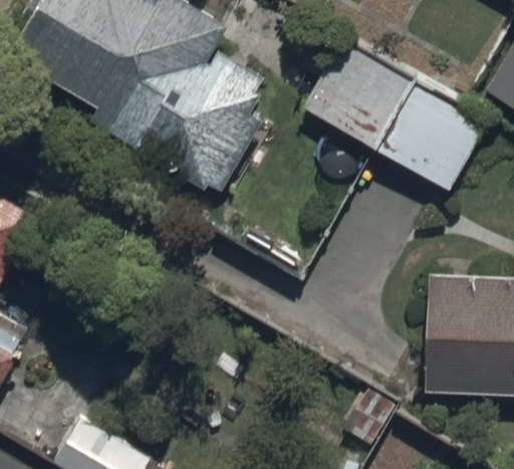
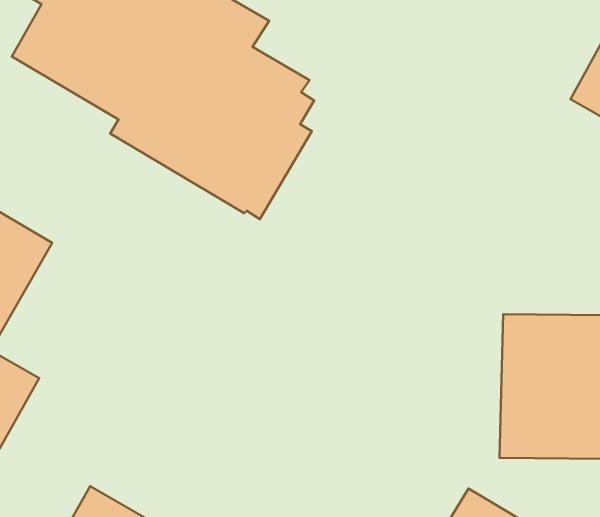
building: [304,37,490,190] -> none

